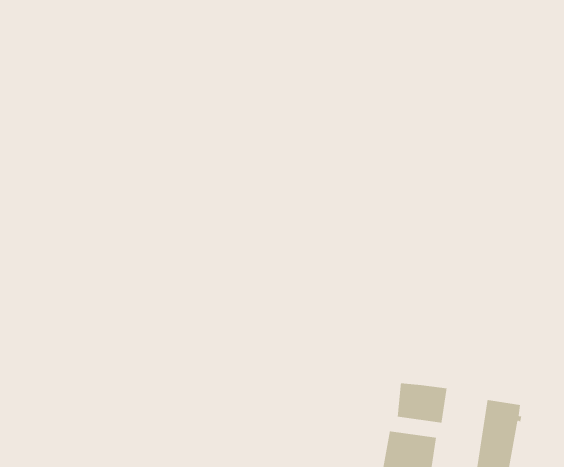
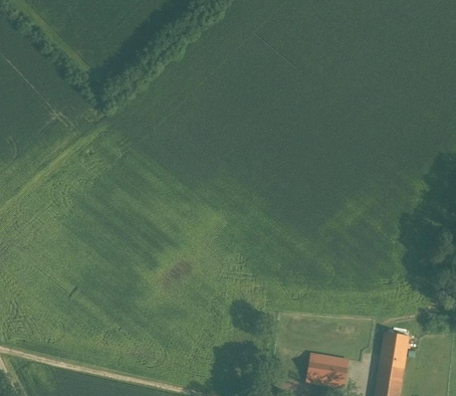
building: [397,382,447,424] -> none

